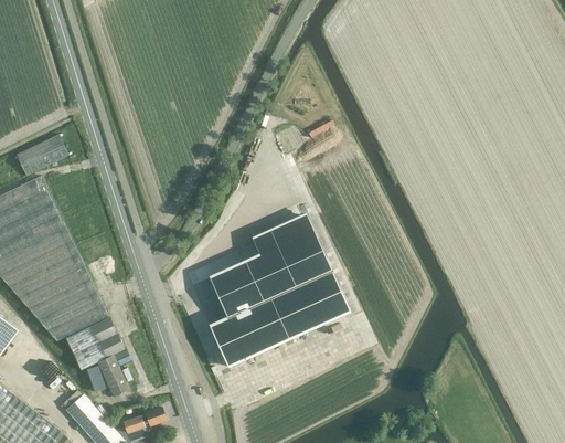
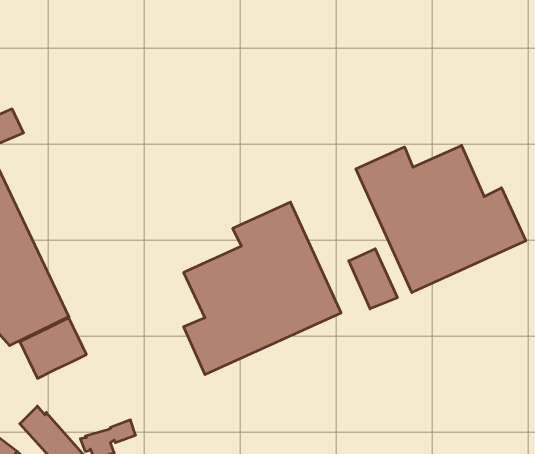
building: none -> [356,145,526,293]
building: none -> [349,249,397,309]
building: [96,355,129,397] -> none

